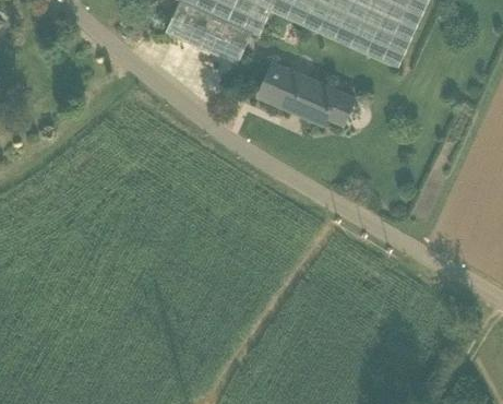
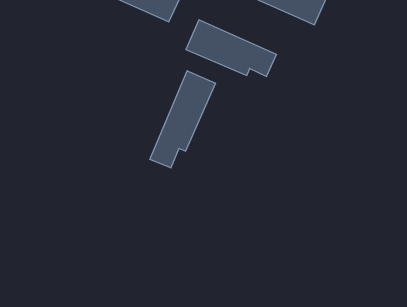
building: none -> [150,71,215,168]

